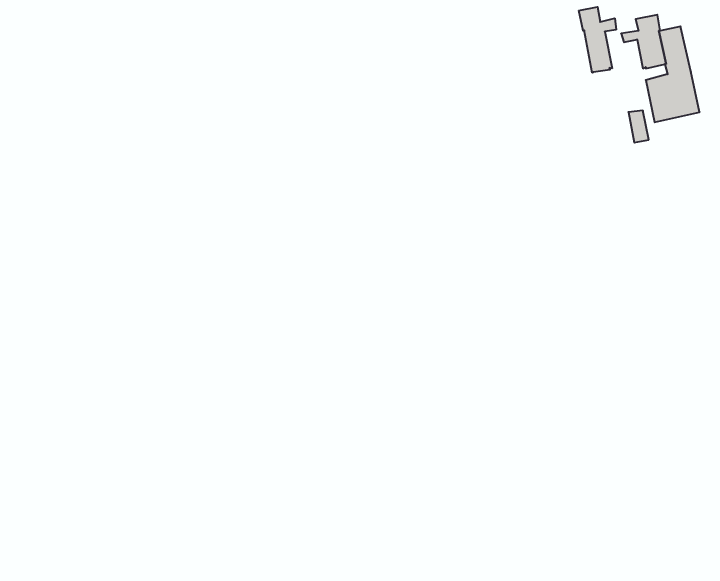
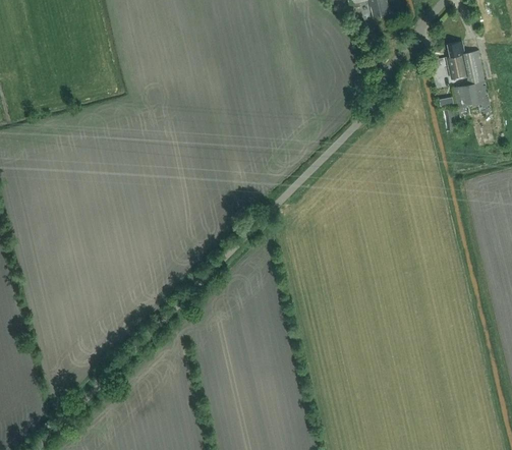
building: [579,7,616,73] -> none

